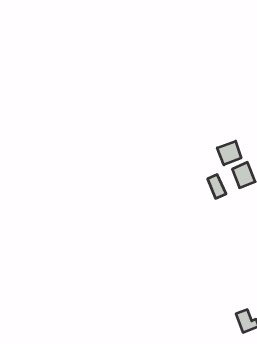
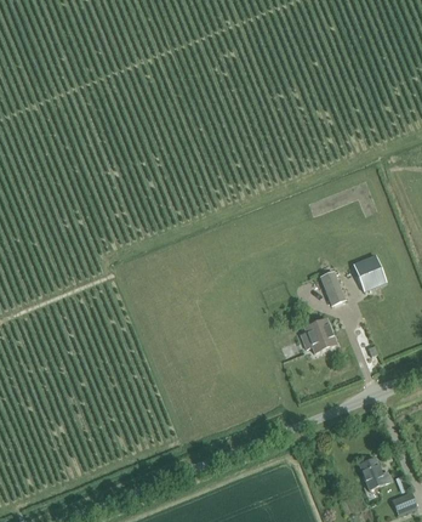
building: [217,141,241,165] -> none
building: none -> [301,319,336,353]

